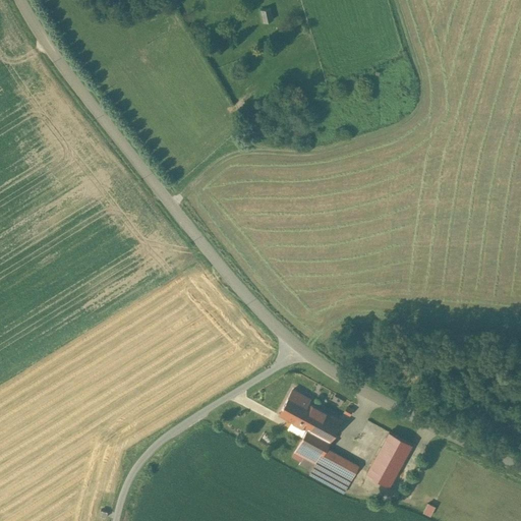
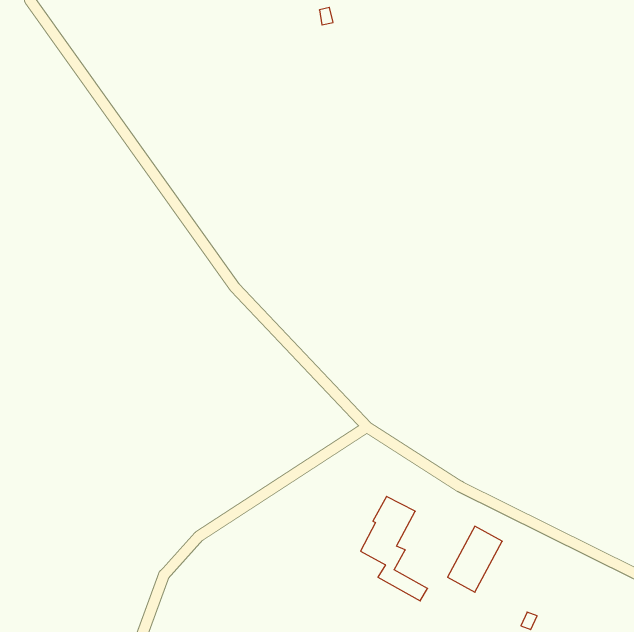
building: [281,391,317,429] -> none
building: [324,453,359,484] -> none

